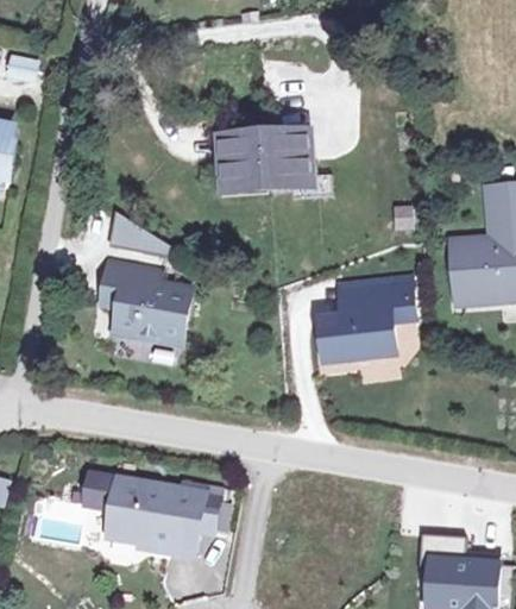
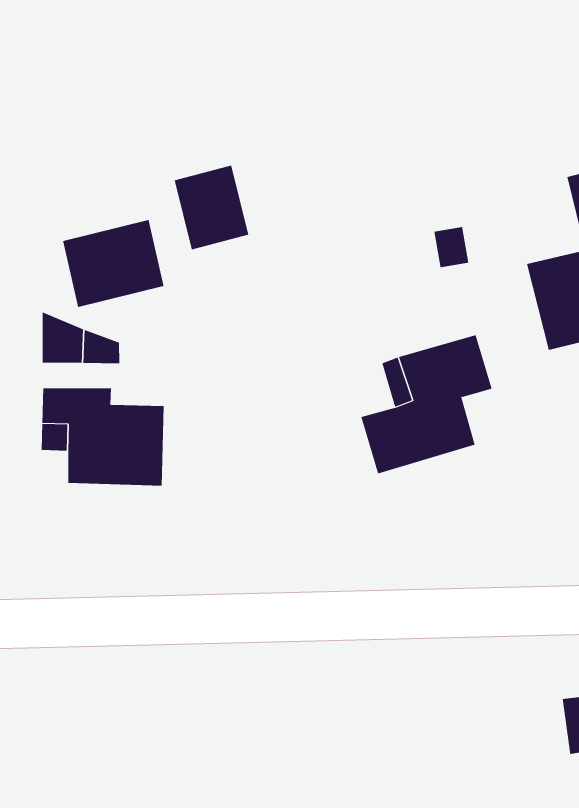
building: [264,134,309,186] -> none
building: none -> [62,219,164,308]
building: [87,473,221,554] -> none

